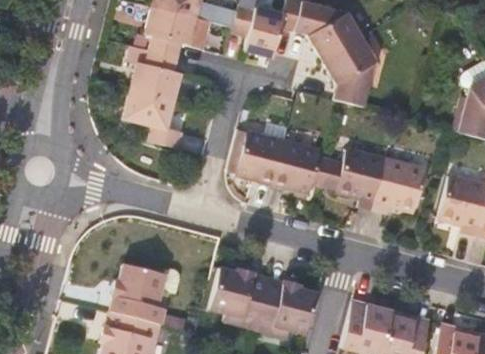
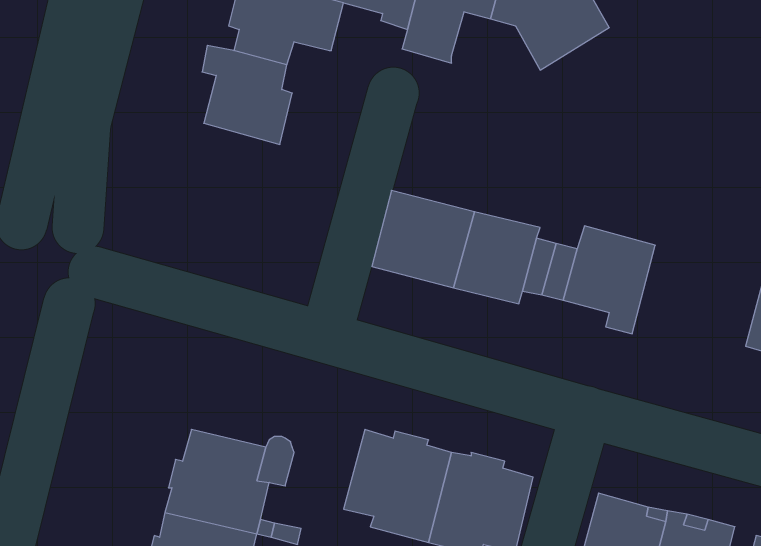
building: [321,37,376,108] -> none
building: [124,91,183,147] -> none
building: [373,160,424,214] -> none

